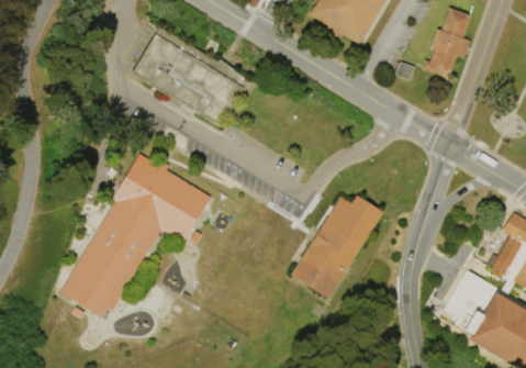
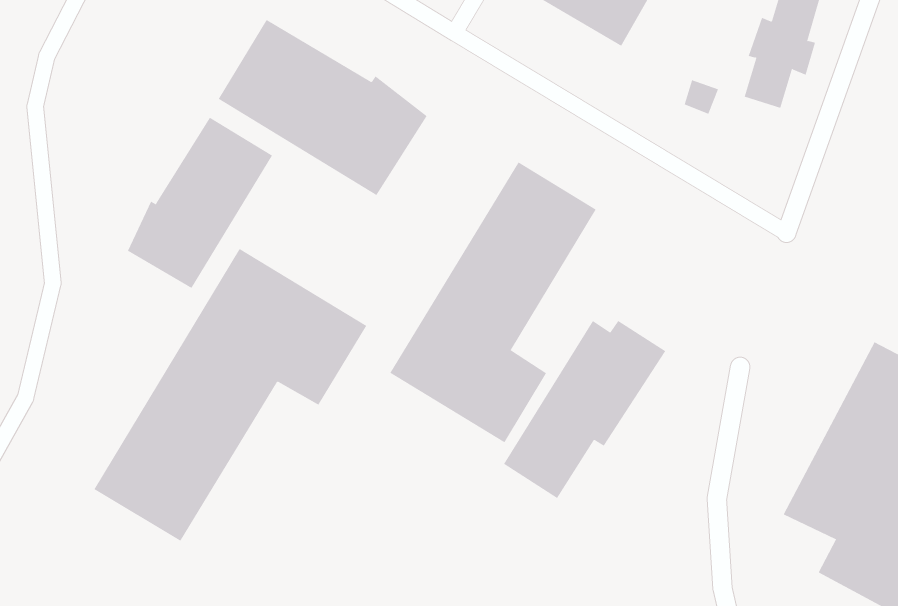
building: none -> [127,117,273,289]
building: none -> [389,161,597,443]

